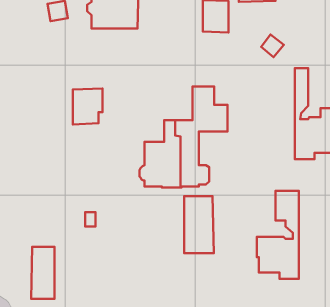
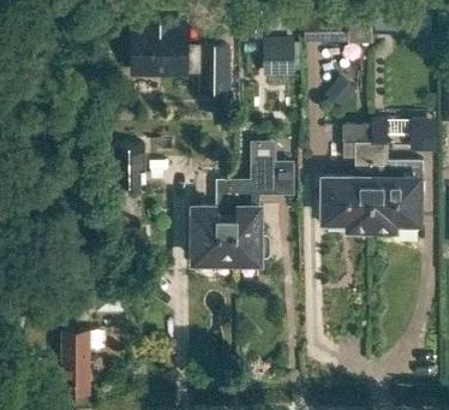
building: none -> [203,47,227,95]
building: [257,191,299,279] -> [323,125,372,228]
building: [184,196,214,253] -> none

